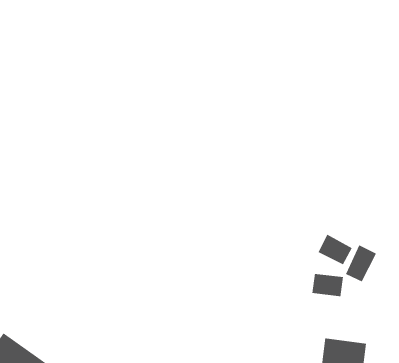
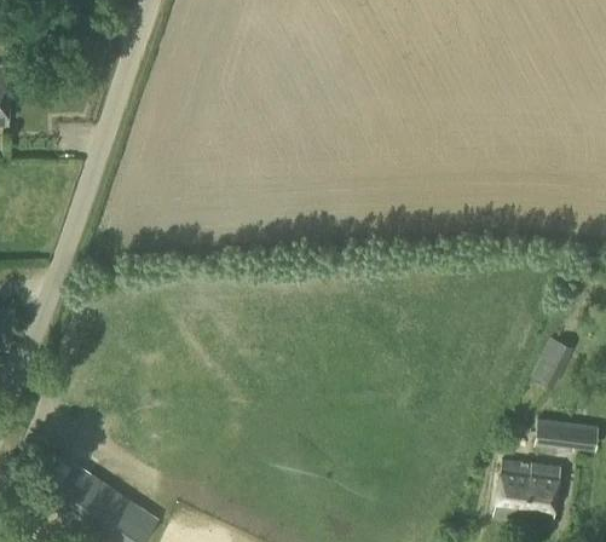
building: [318,234,352,265] -> none
building: [311,273,344,297] -> [532,420,576,451]

